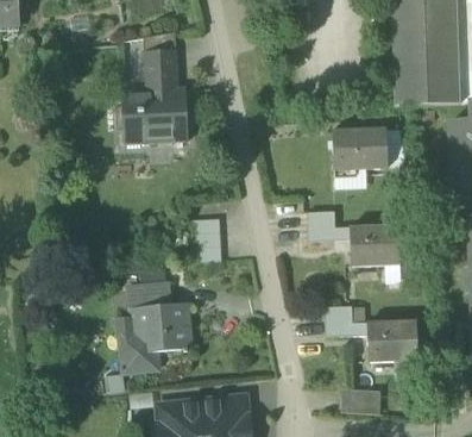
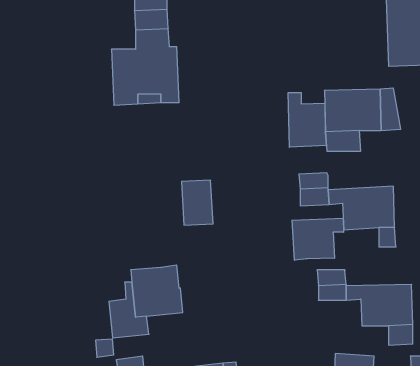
building: none -> [288,93,326,147]
building: none -> [292,218,344,260]
building: [118,281,171,336] -> none

